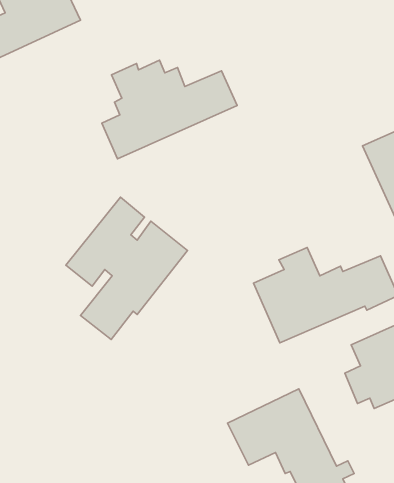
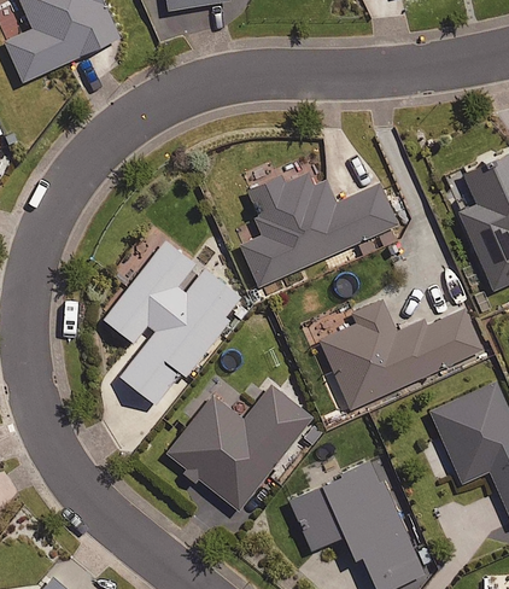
building: [102,60,237,159] -> [241,173,397,286]
building: none -> [165,386,311,512]

